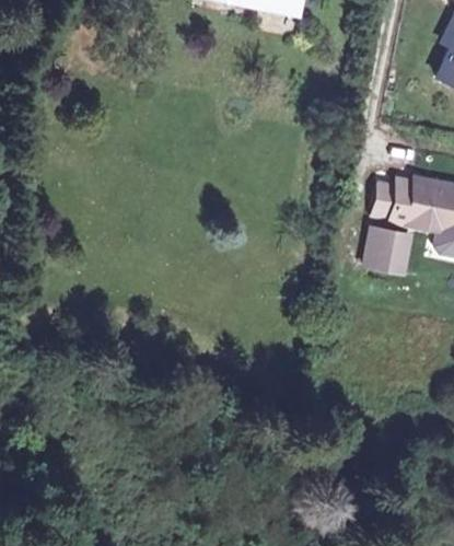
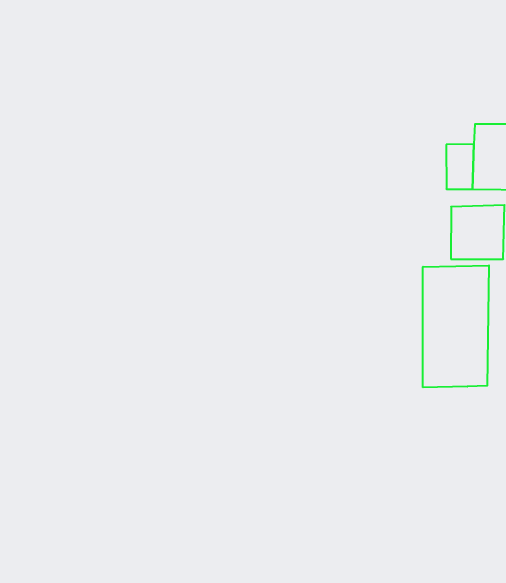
building: none -> [423,265,489,387]

